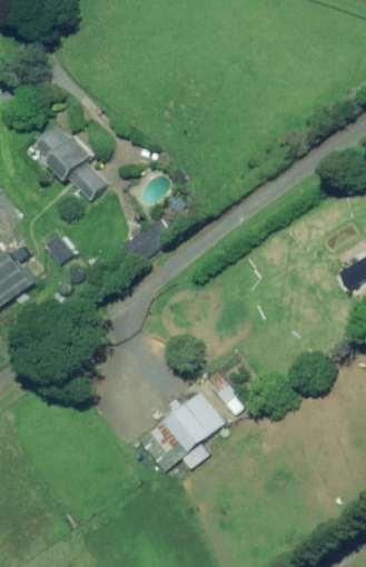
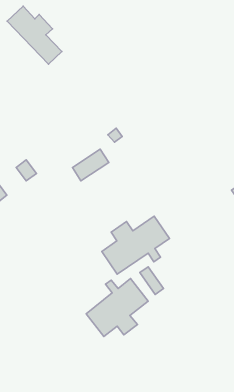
building: [33,123,106,200] -> [7,6,62,64]
building: none -> [102,216,170,274]

